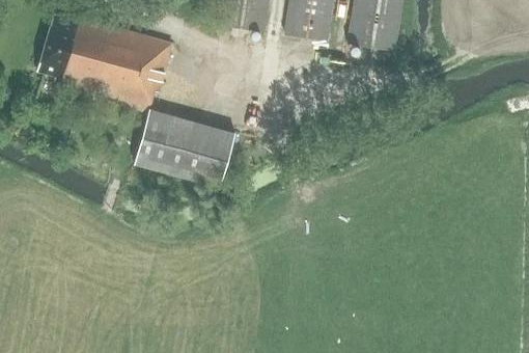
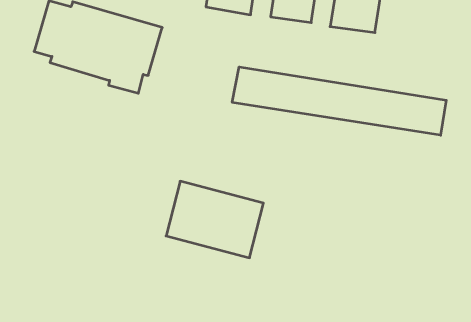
building: none -> [232,67,446,135]
building: [134,107,235,187] -> [166,181,263,258]

